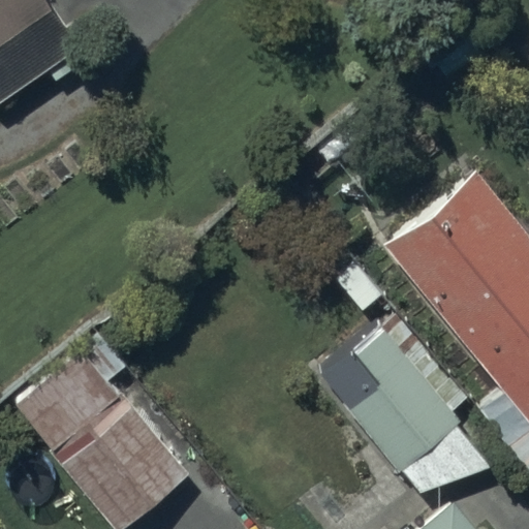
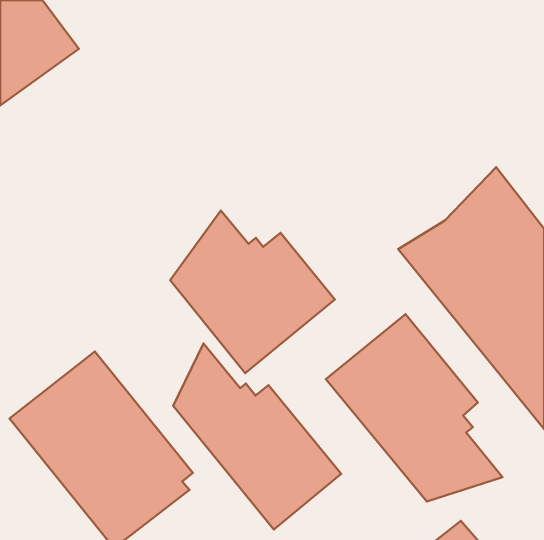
building: none -> [170,211,335,373]
building: none -> [173,344,341,530]

